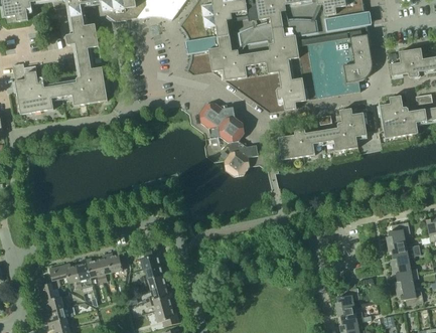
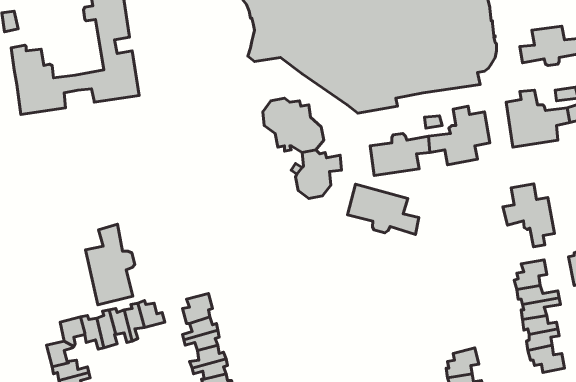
building: none -> [503,184,554,247]
building: none -> [348,184,419,234]
building: none -> [85,224,135,305]

